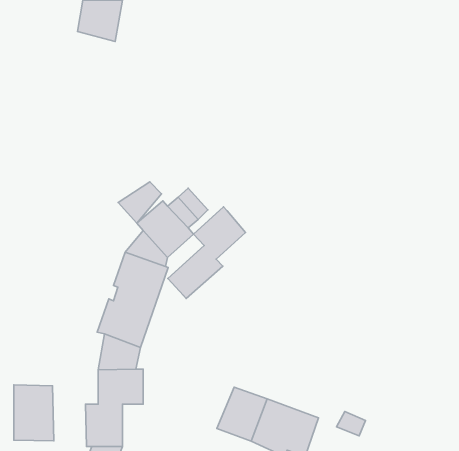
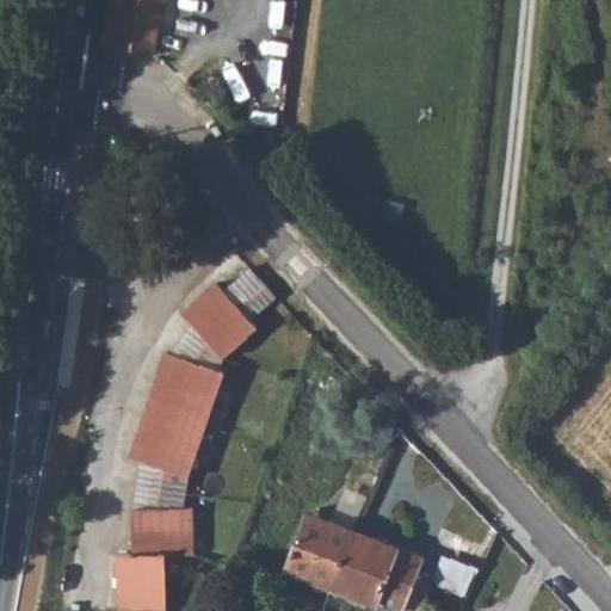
building: [118,182,162,223] -> none
building: [168,207,246,299] -> none
building: [14,385,54,441] -> none

